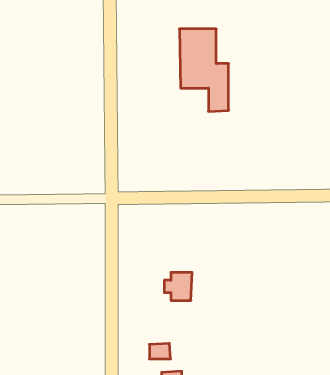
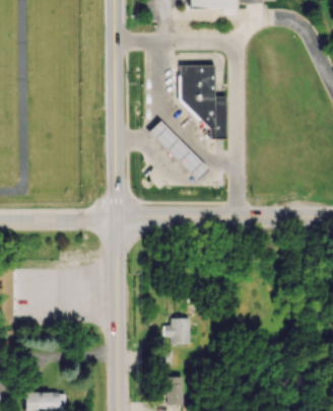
building: none -> [148,121,209,180]
building: [164,272,192,300] -> [166,318,192,343]

